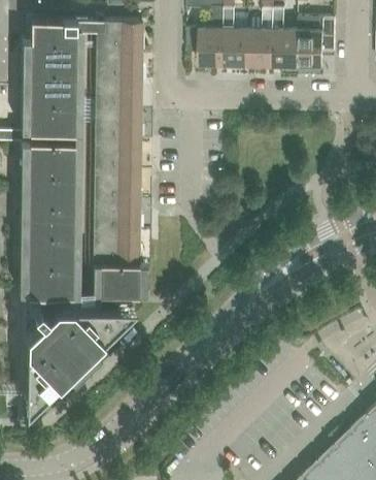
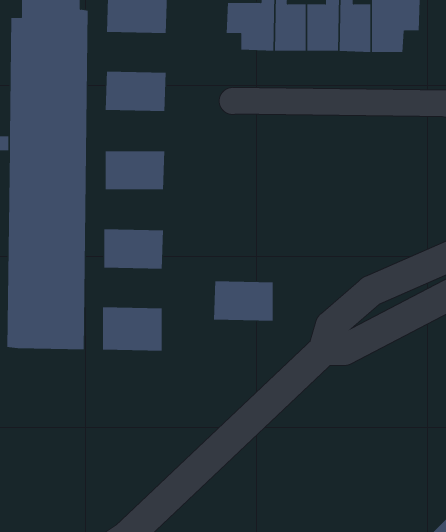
building: [97,52,143,83] -> none
building: [96,111,142,142] -> none
building: [95,172,141,203] -> none
building: [94,232,140,263] -> [213,281,274,321]
building: [27,307,118,396] -> none

